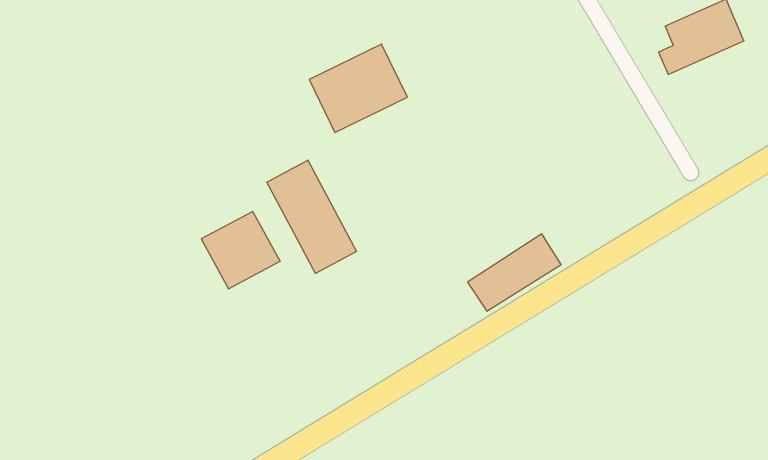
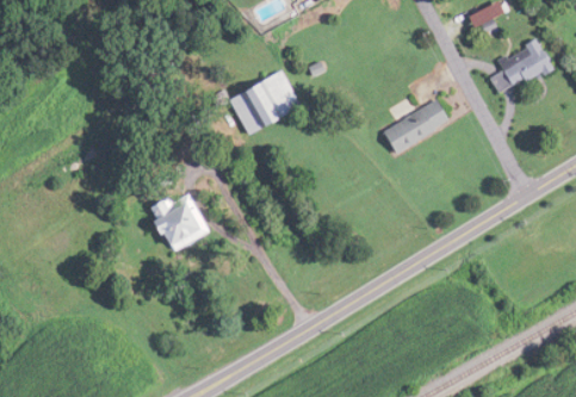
building: [267,160,356,273] -> none
building: [468,234,561,311] -> [382,97,451,154]

